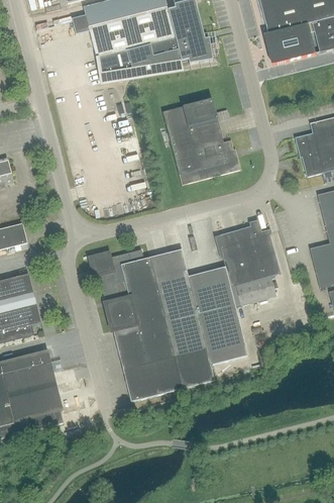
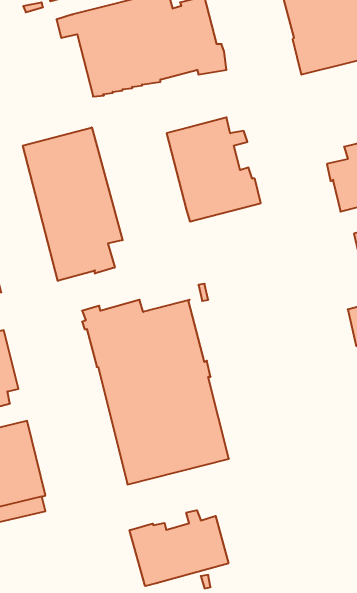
building: none -> [23,127,123,281]
building: [188,218,281,364] -> none
building: none -> [130,510,228,586]

